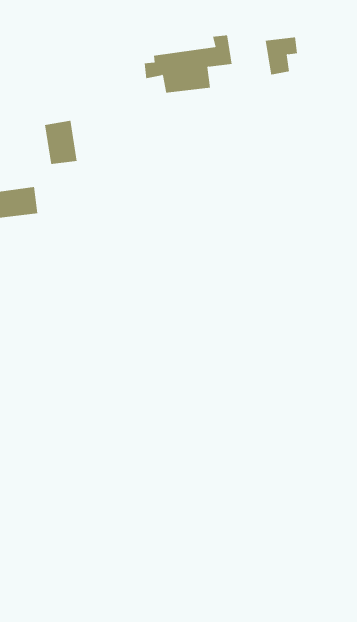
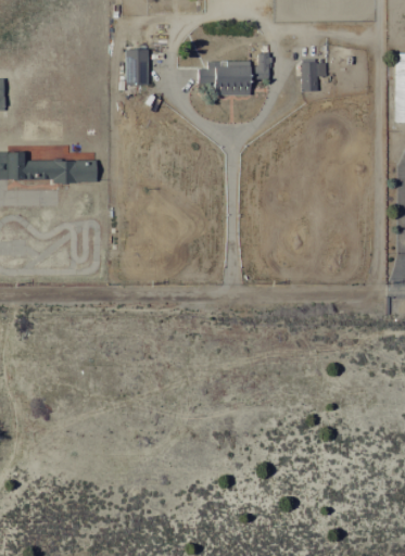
building: [44,120,77,164] -> [125,48,149,83]

